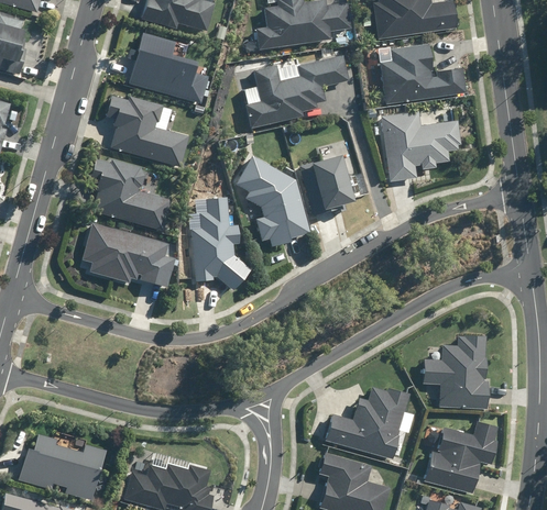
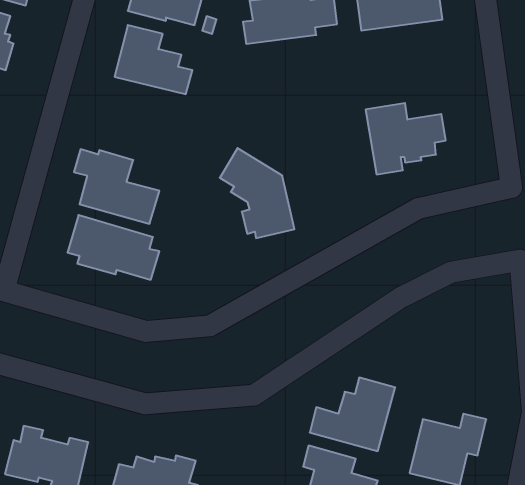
building: [381,44,463,103] -> none
building: [241,55,347,130] -> none
building: [103,96,188,166] -> none
building: [299,155,348,212] -> none
building: [190,198,251,290] -> none
building: [423,334,488,408] -> none

